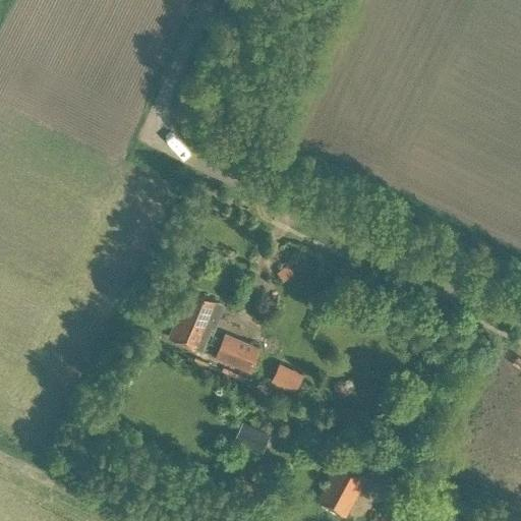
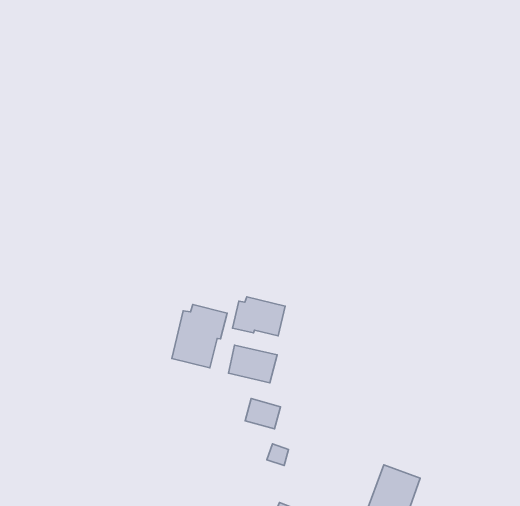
building: none -> [233,297,285,336]
building: [273,366,305,396] -> [245,399,281,429]

